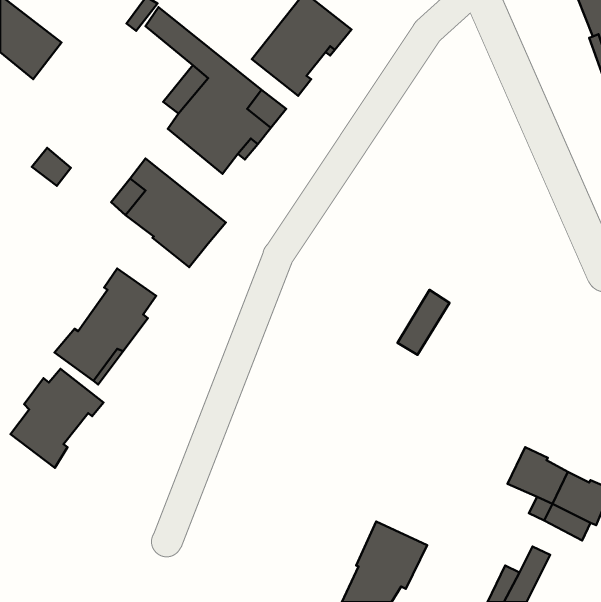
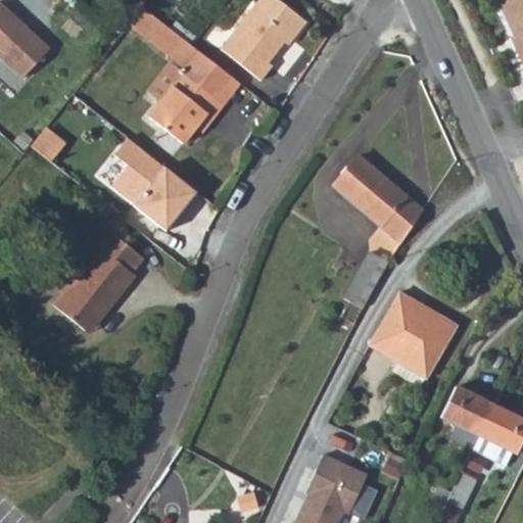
building: none -> [335,155,423,243]
building: none -> [371,292,457,386]
building: [10,369,104,468] -> none

